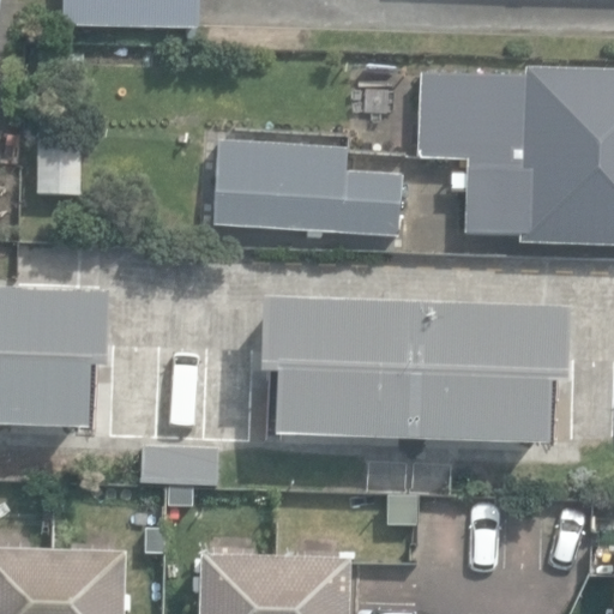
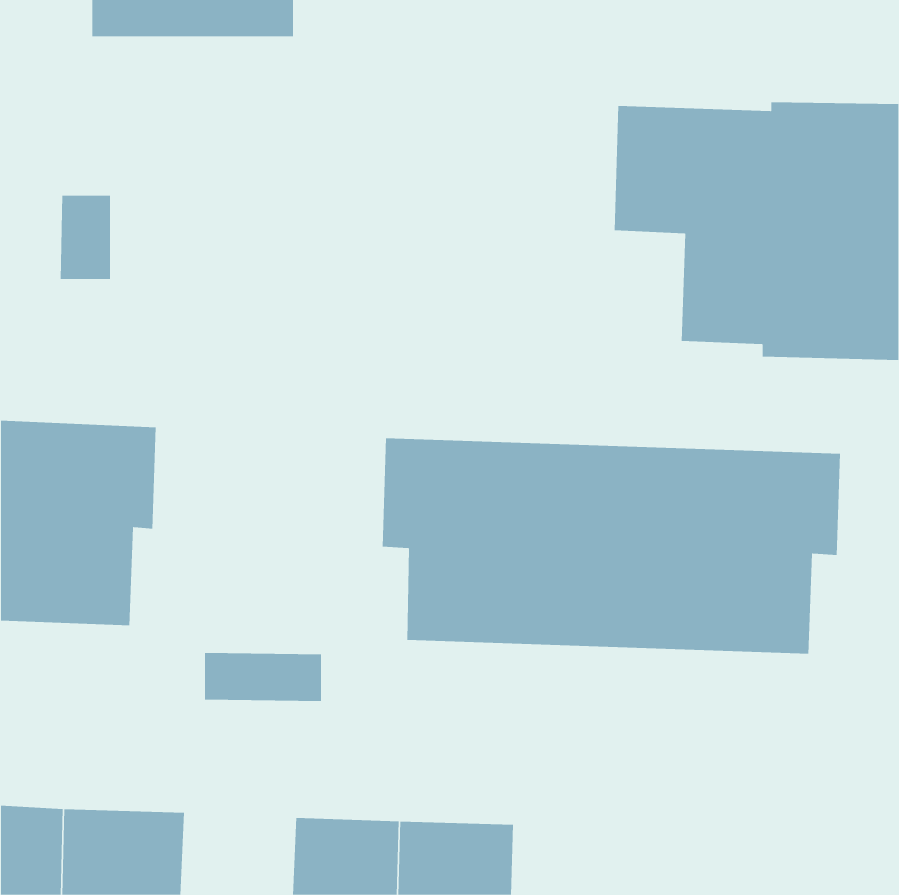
building: [212,140,402,234] -> none

